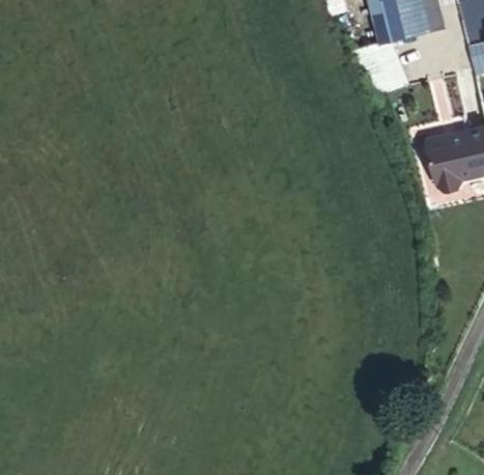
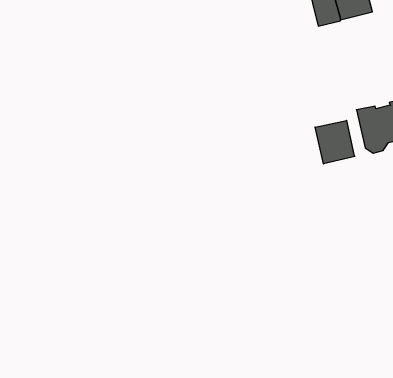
building: none -> [315,120,355,164]

